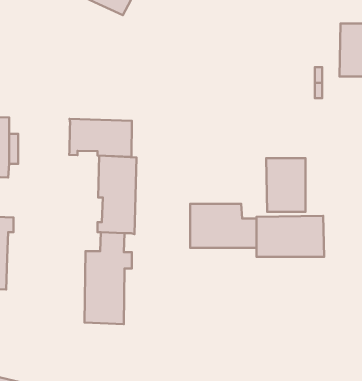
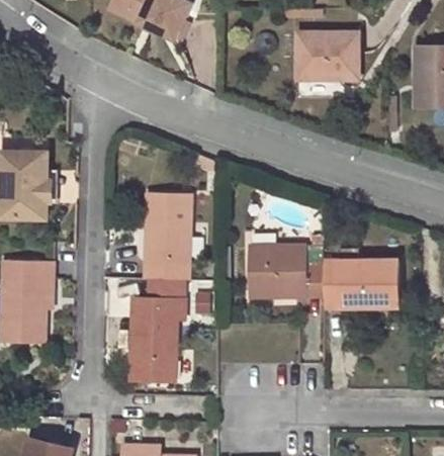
building: none -> [297,32,357,78]
building: [69,119,132,157] -> none
building: [266,158,306,212] -> none

